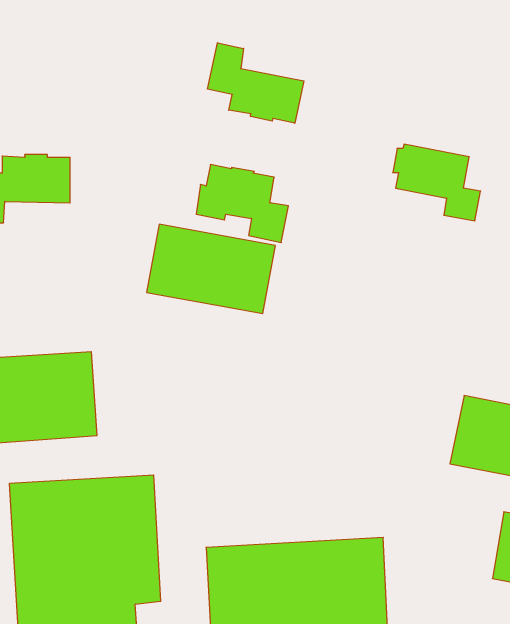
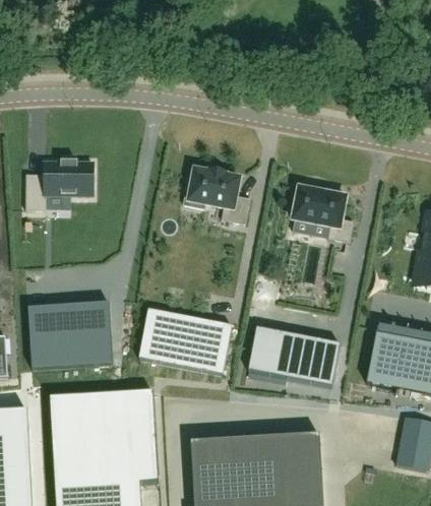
building: [208,43,304,123] -> none
building: [393,144,481,221] -> [291,186,354,241]
building: [147,224,275,314] -> [139,308,232,372]
building: none -> [248,326,341,385]

